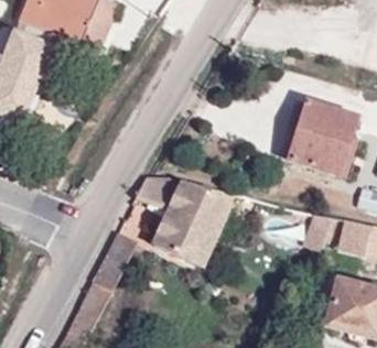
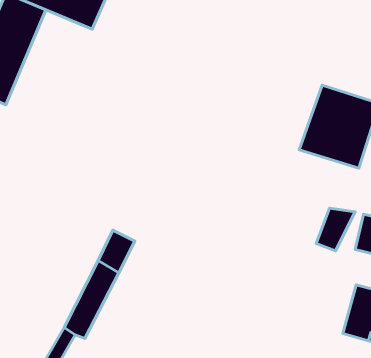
building: [136,175,234,265] -> none

